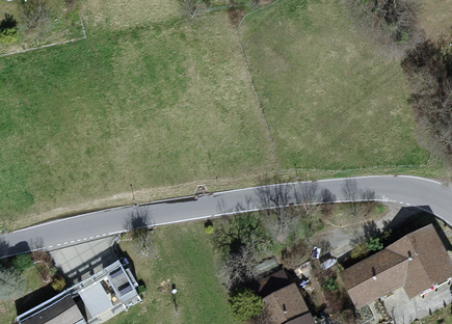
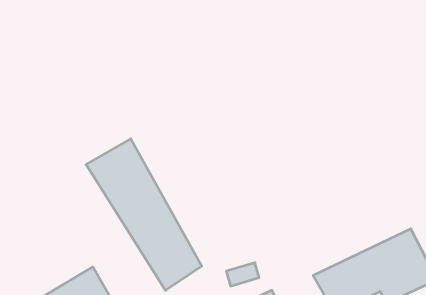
building: none -> [86,139,202,290]

